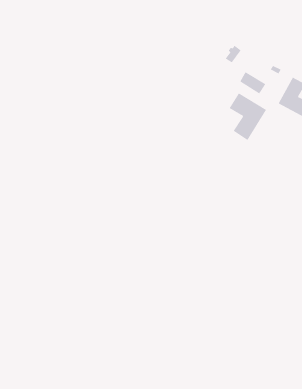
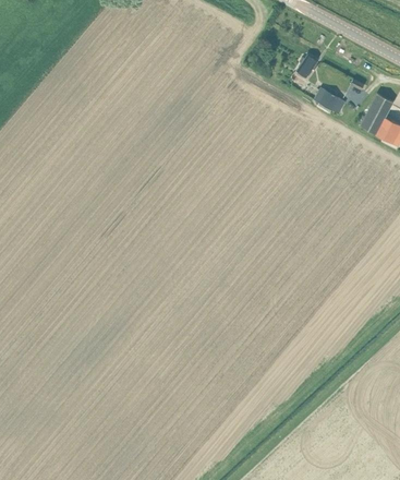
building: [229,93,267,141] -> none

